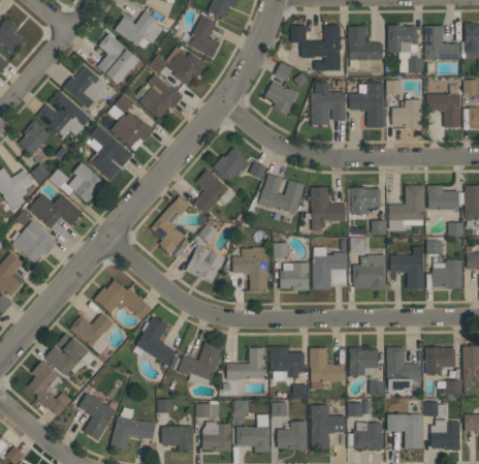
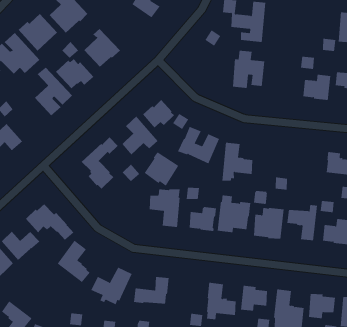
building: [388,24,417,52] -> none
building: [349,26,383,60] -> none
building: [150,45,207,85] -> none
building: [265,81,298,114] -> none
building: [350,83,384,126] -> none
building: [68,162,105,203] -> none
building: [389,185,424,229] -> none
building: [351,187,381,214] -> none
building: [186,244,225,282] -> [144,151,179,186]
building: [272,346,306,376] -> none

